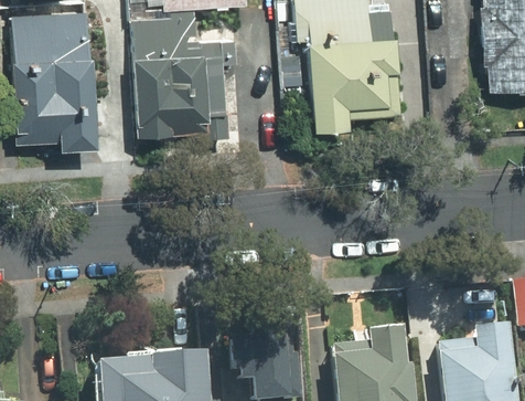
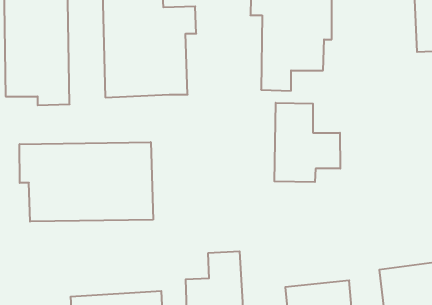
building: none -> [274,103,340,182]
building: none -> [20,142,153,222]

